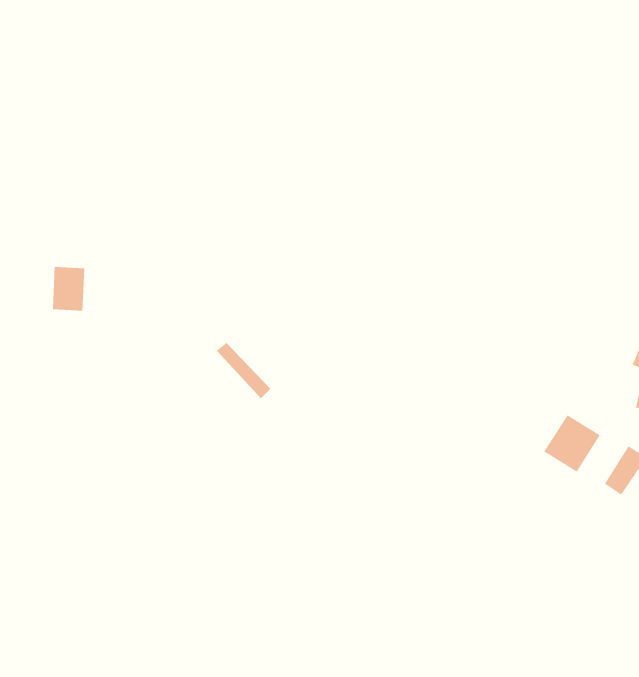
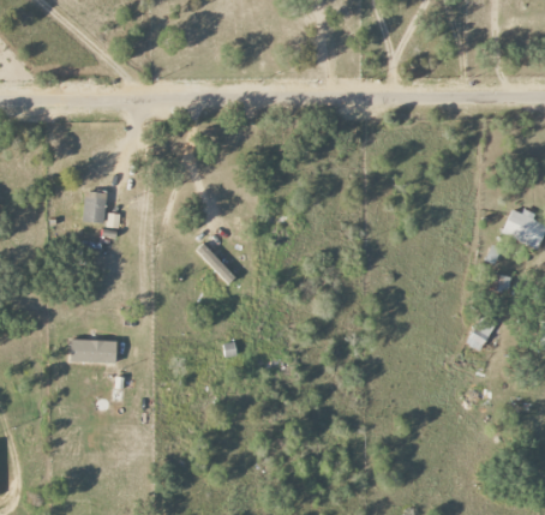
building: [544,415,601,472] -> none
building: none -> [71,340,116,364]

